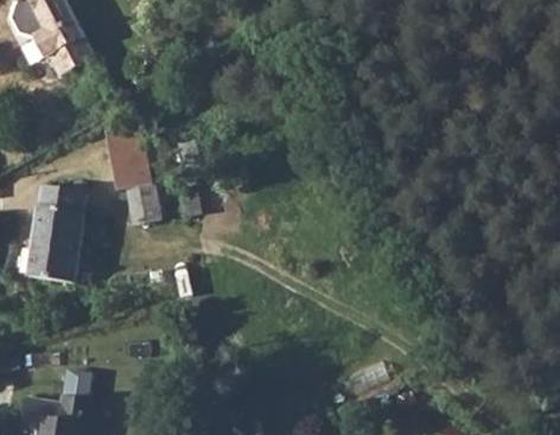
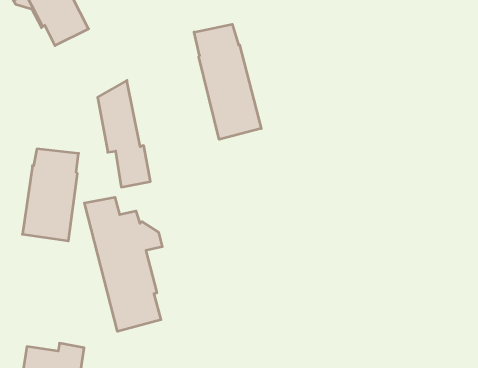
building: none -> [194,24,261,139]
building: none -> [84,197,162,331]

